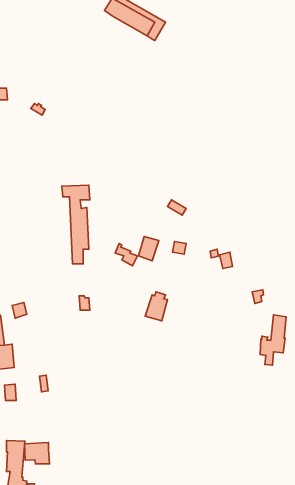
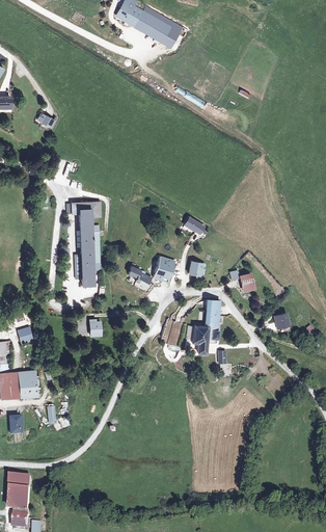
building: [260,315,286,365] -> [192,299,220,353]
building: none -> [19,372,38,395]
building: [25,443,50,464] -> none

